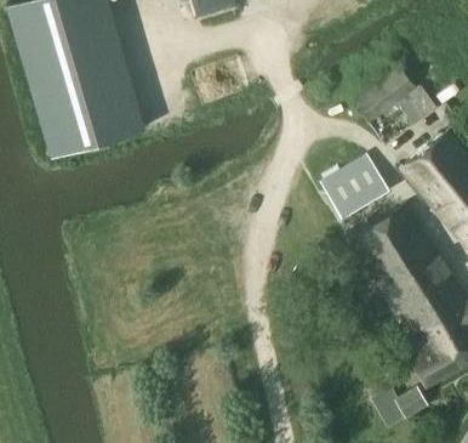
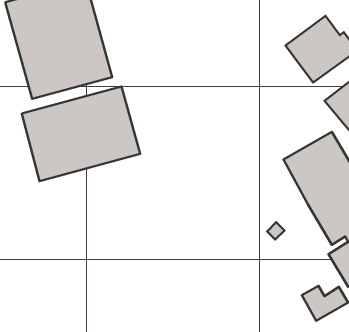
building: none -> [22,87,140,181]
building: [319,152,388,217] -> none

